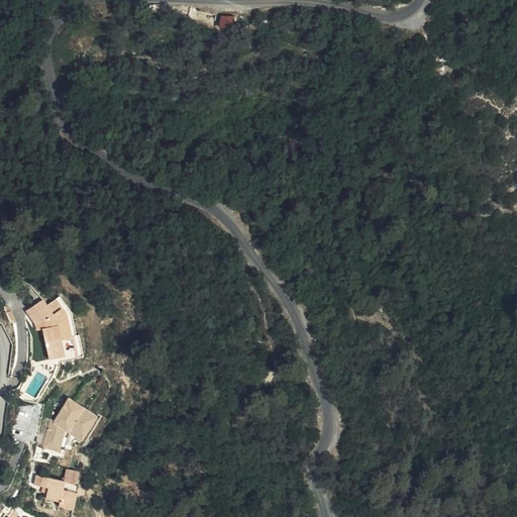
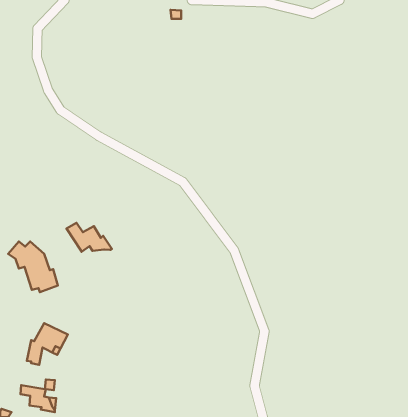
building: none -> [67,223,112,252]

